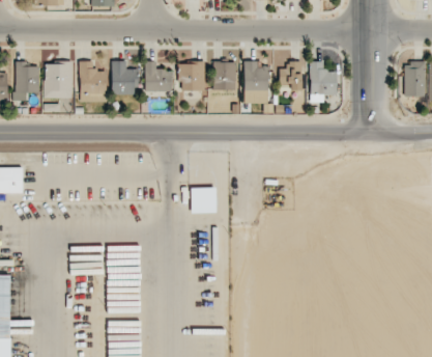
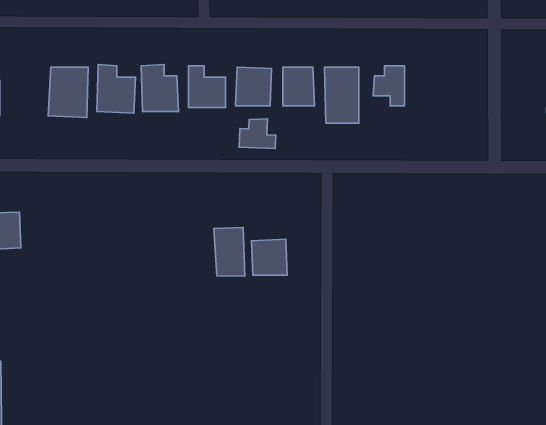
building: [16,61,38,93] -> none
building: [310,61,337,102] -> none
building: none -> [239,119,276,149]
building: none -> [214,227,245,276]

